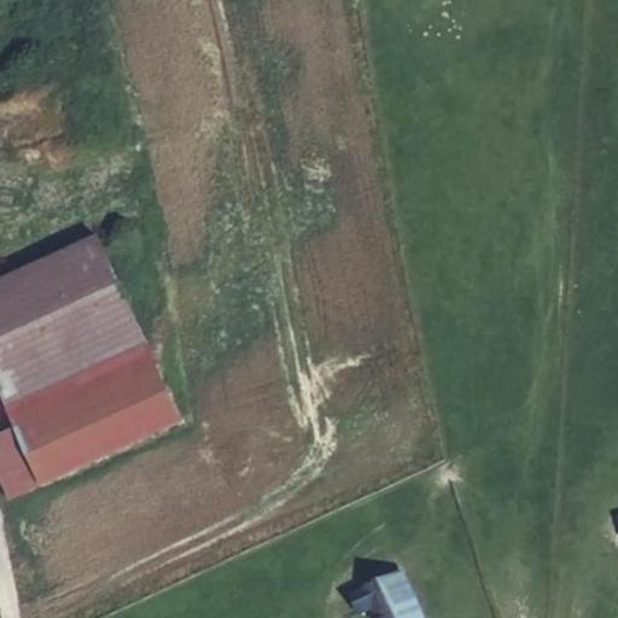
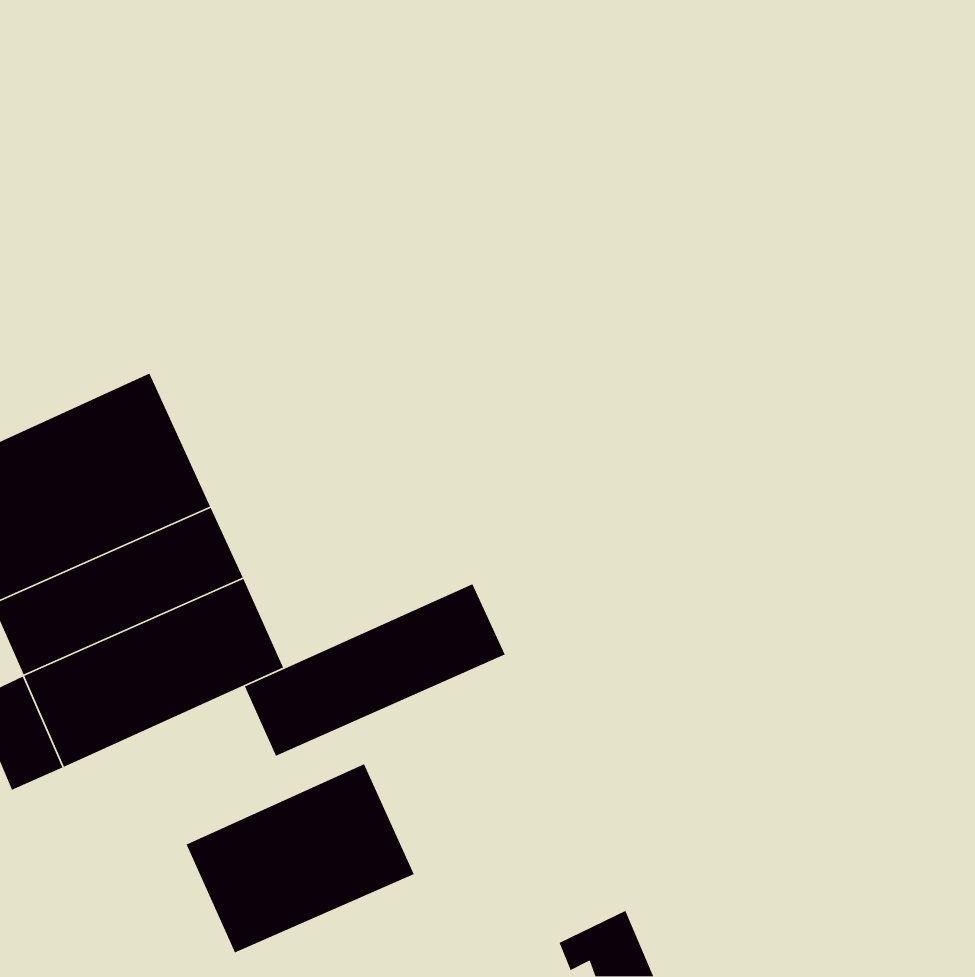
building: none -> [244,583,506,757]
building: none -> [186,763,415,954]

